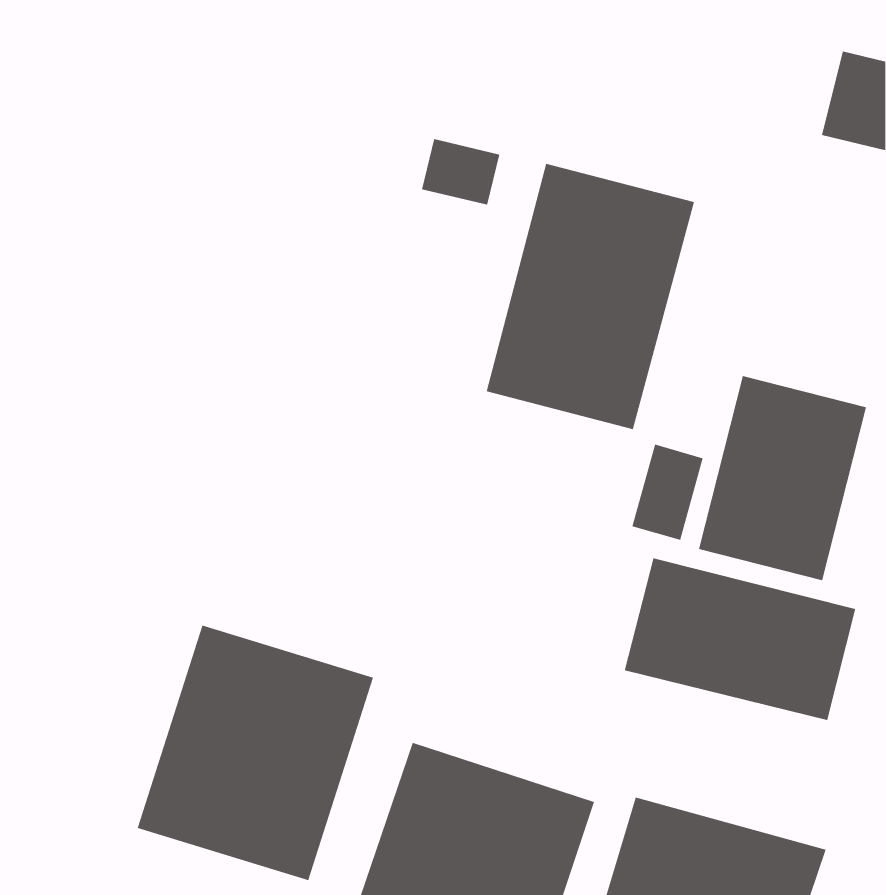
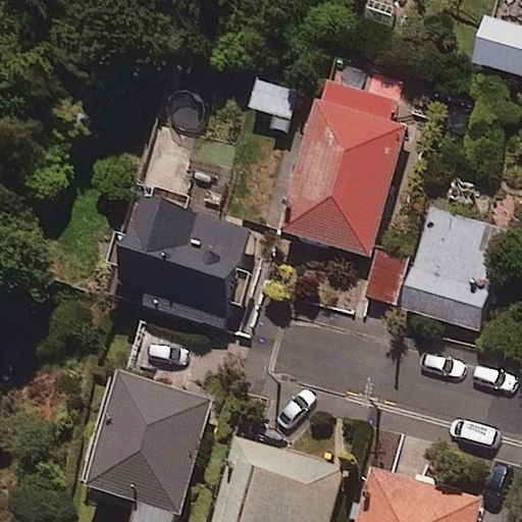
building: none -> [121,202,242,320]
building: [624,557,856,721] -> none

